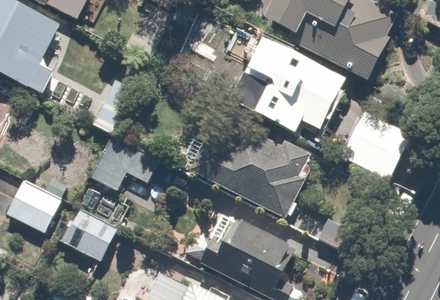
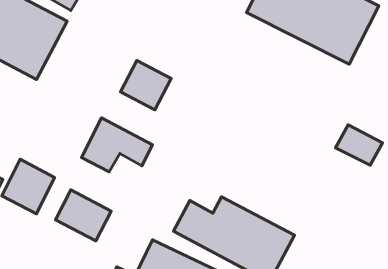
building: [241,29,357,136] -> none
building: none -> [120,60,171,110]
building: [184,121,317,219] -> none

